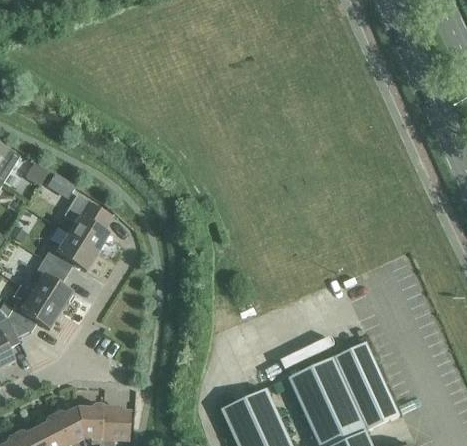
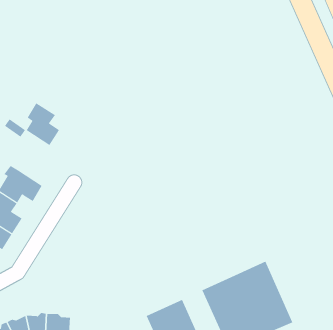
building: [68,200,109,252] -> [26,103,60,146]

